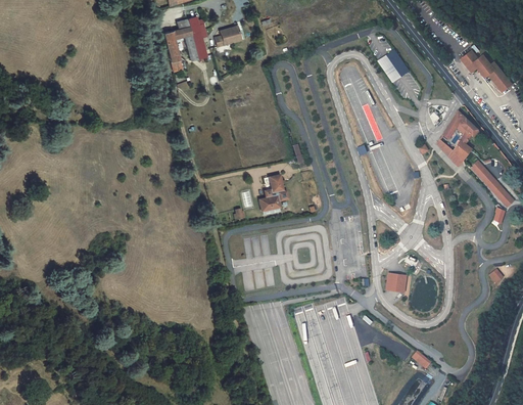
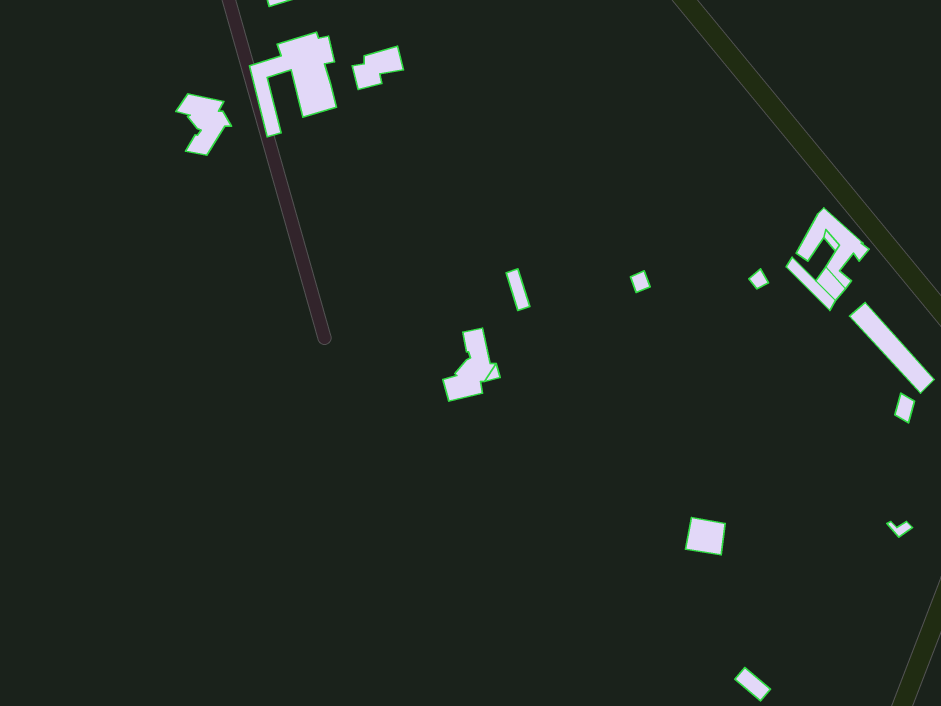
building: [378,49,410,84] -> none
building: [461,51,511,92] -> none
building: none -> [176,94,232,155]

